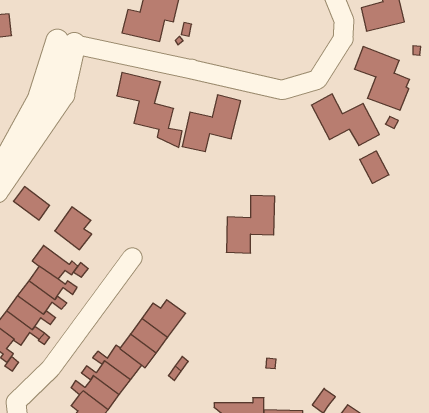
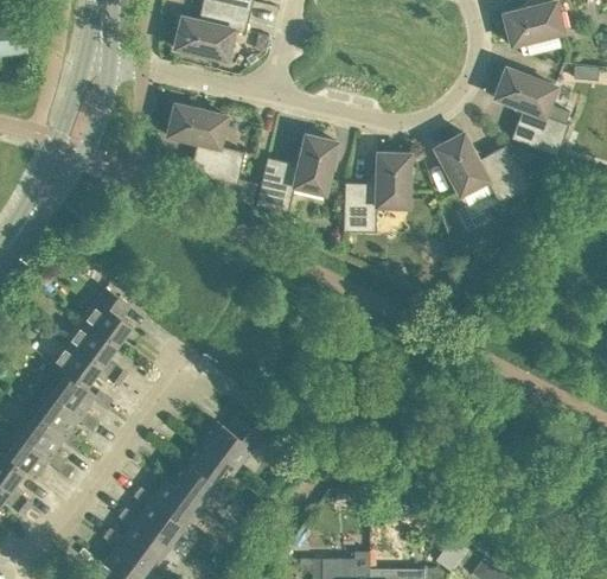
building: [360,151,389,183] -> none
building: [13,187,50,220] -> [65,322,115,368]
building: [226,195,275,253] -> [343,153,409,233]

